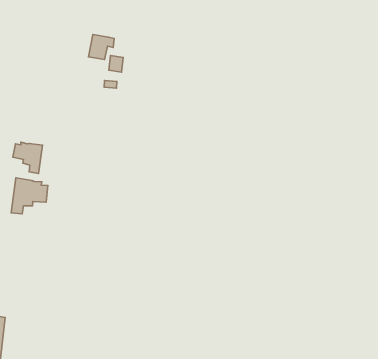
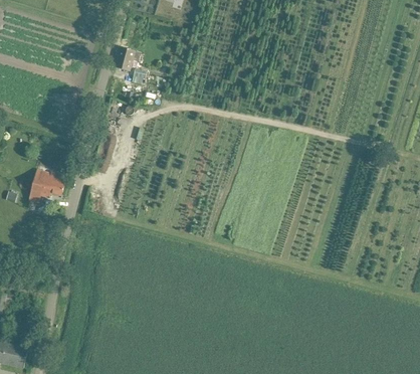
building: [13,142,42,174] -> none

